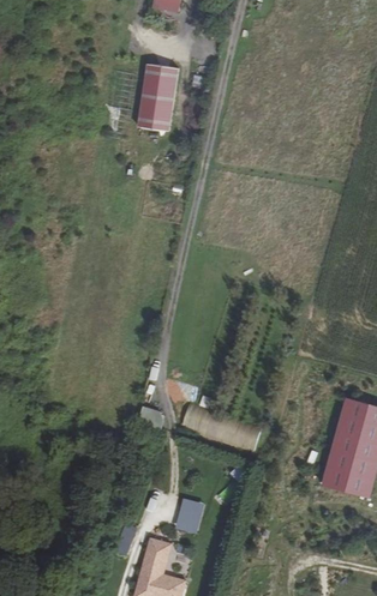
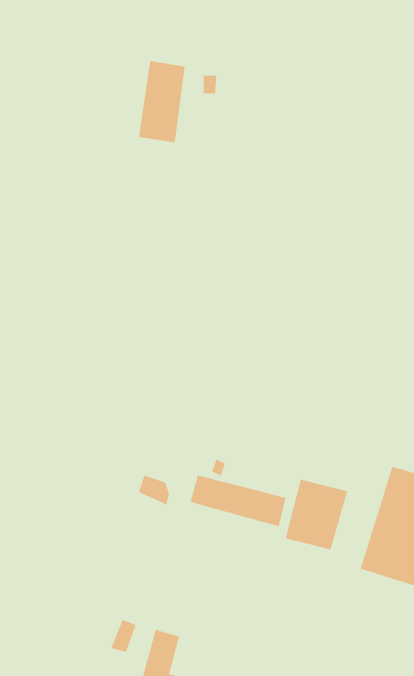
building: none -> [285,479,348,550]
building: [175,496,205,532] -> none

